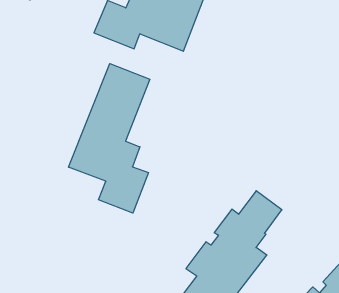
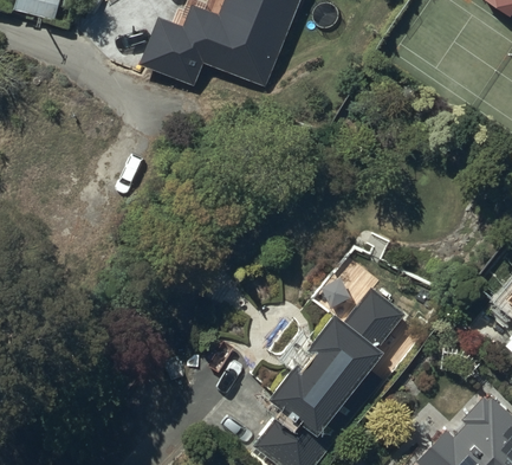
building: [69,64,150,213] -> none

